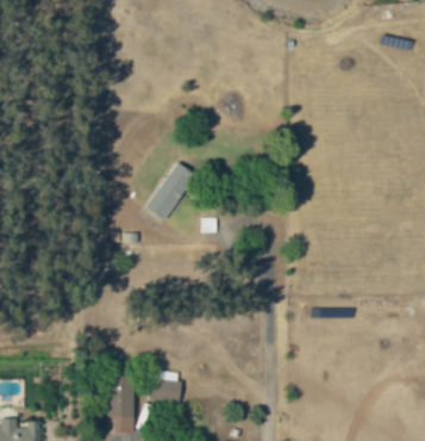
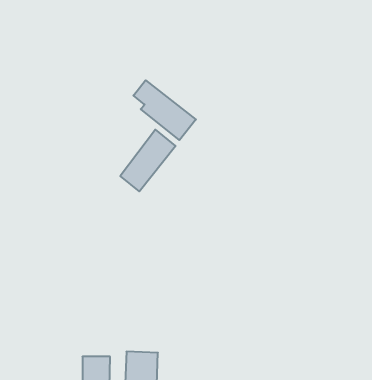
building: none -> [133,80,196,140]

